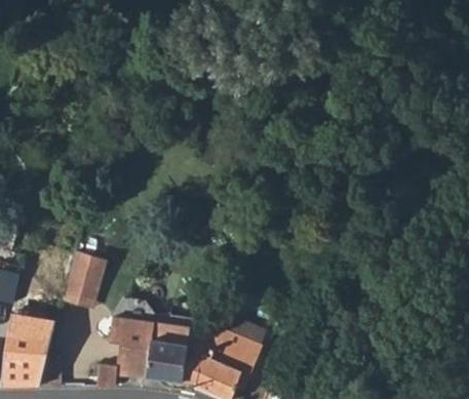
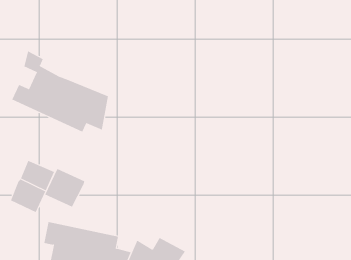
building: none -> [11,51,108,133]
building: none -> [44,168,85,207]

